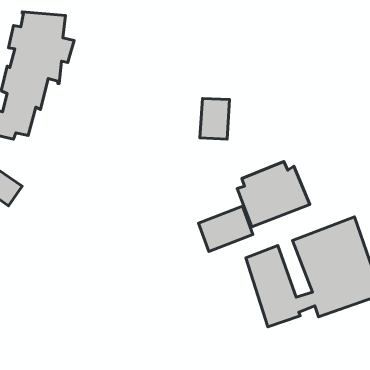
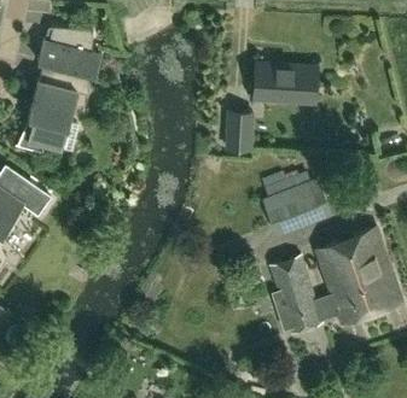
building: none -> [254,63,318,103]
building: [199,206,253,251] -> none

